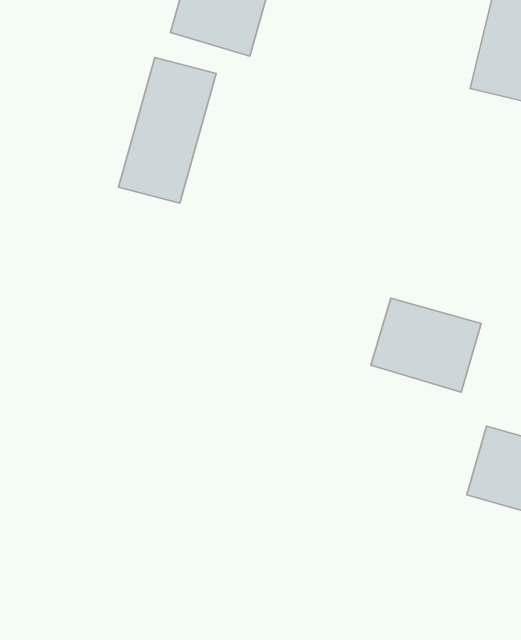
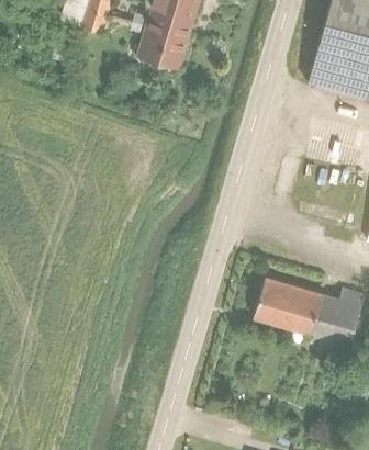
building: [118,57,216,203] -> none
building: [371,298,481,392] -> [256,279,323,336]

